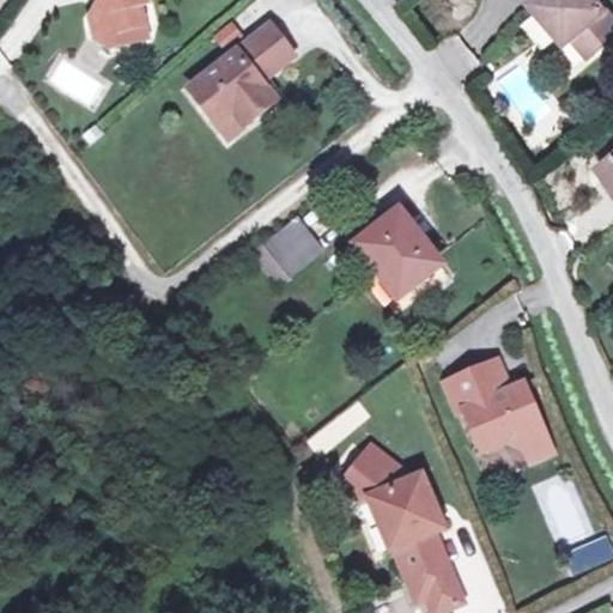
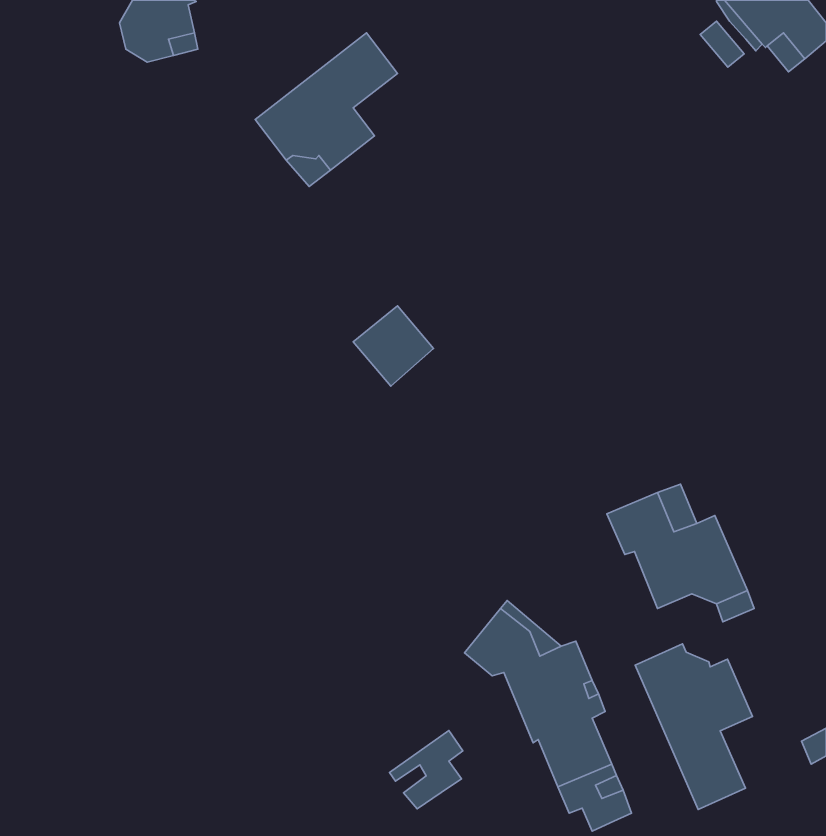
building: [352,214,433,297] -> none
building: none -> [635,644,753,809]
building: none -> [389,731,463,809]

